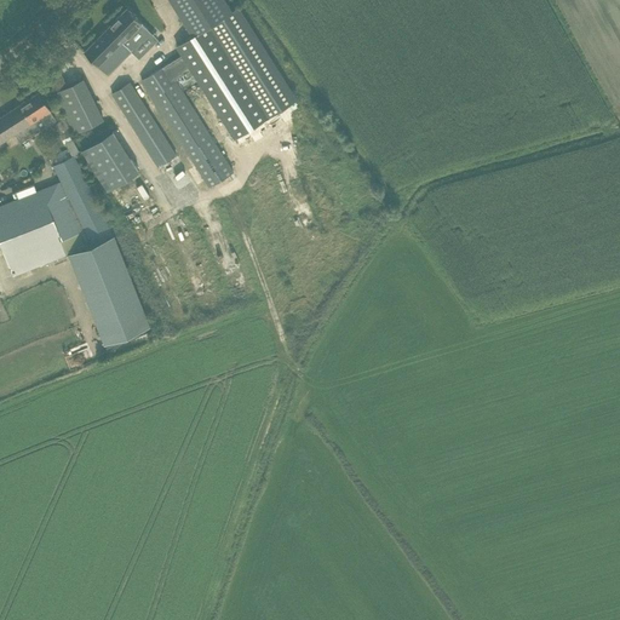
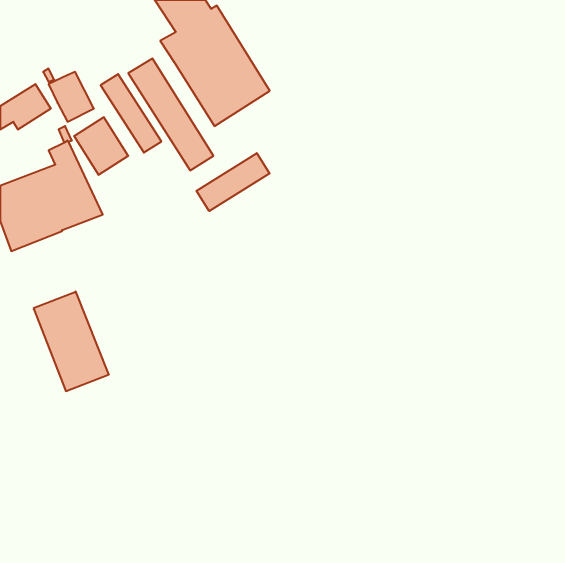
building: [84,10,150,76] -> none
building: none -> [196,153,270,211]
building: [68,236,150,345] -> [34,291,109,391]

